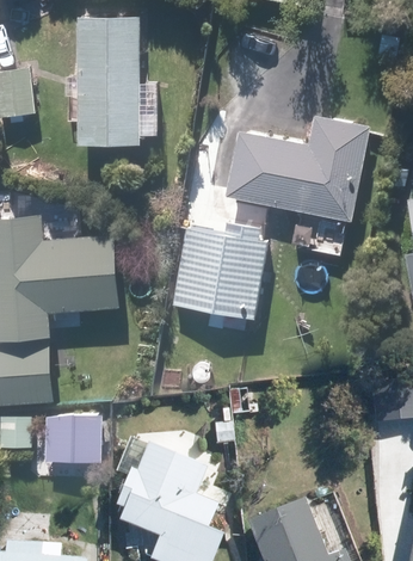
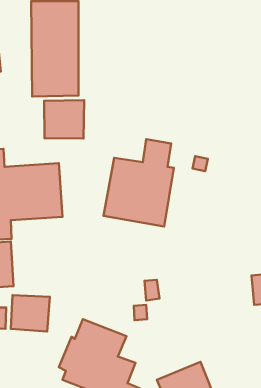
building: [224,118,370,222] -> none
building: none -> [44,100,84,139]

